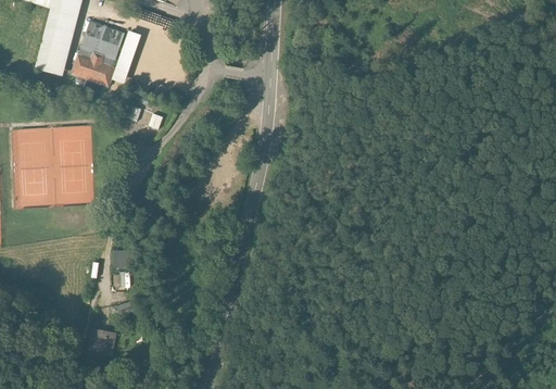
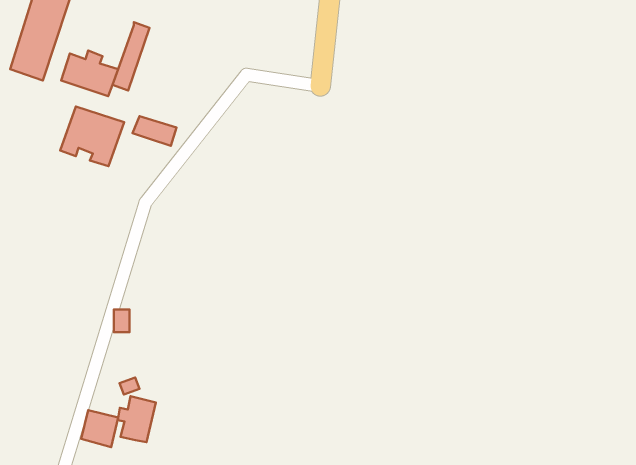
building: [79,21,128,66] -> [60,107,124,166]
building: none -> [118,396,156,442]

